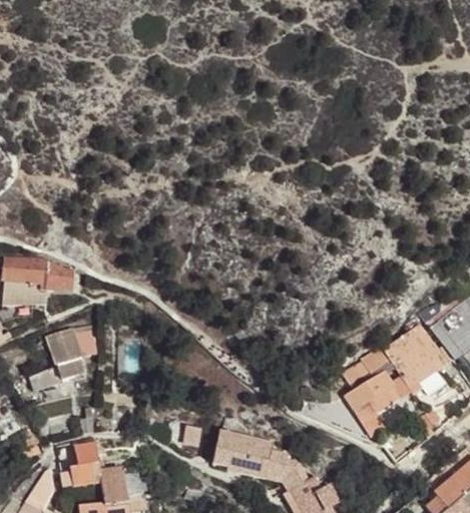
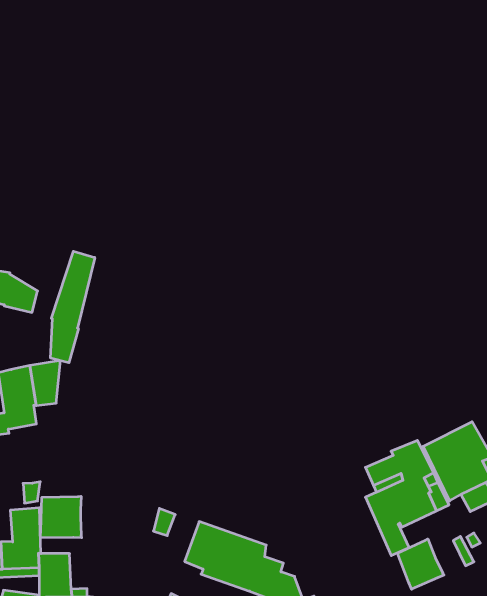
building: none -> [51,251,95,363]
building: none -> [397,539,444,589]
building: none -> [40,496,82,538]

